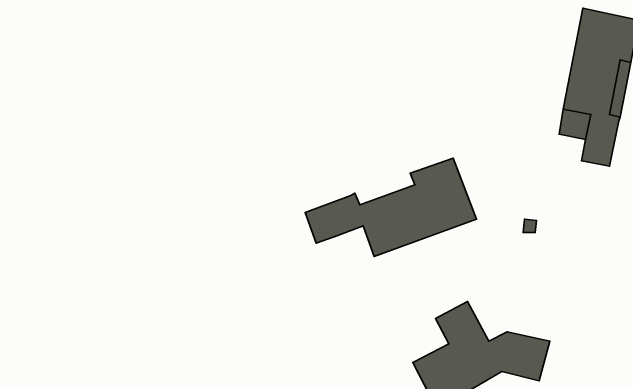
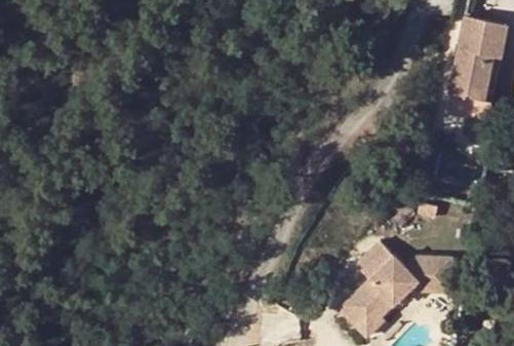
building: [305,158,477,257] -> none

